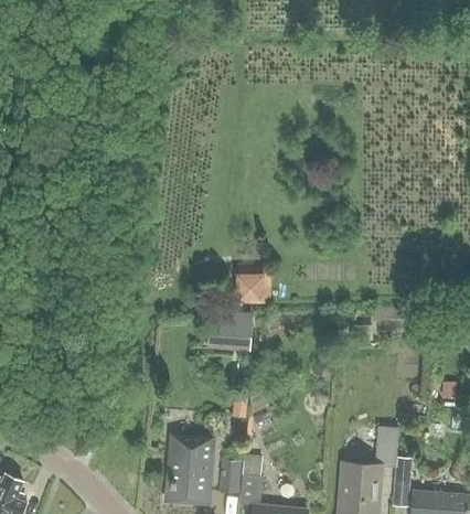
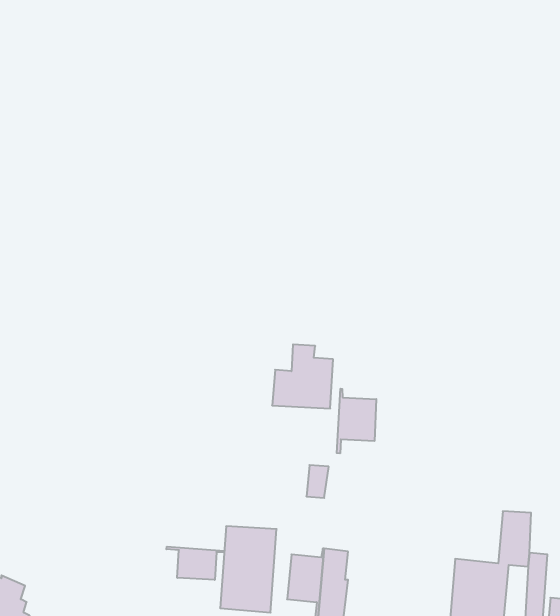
building: [237,268,270,300] -> none
building: none -> [337,389,376,453]
building: none -> [166,547,224,580]

